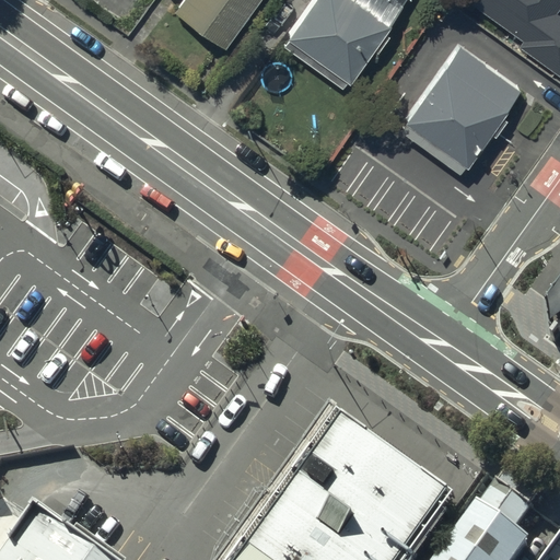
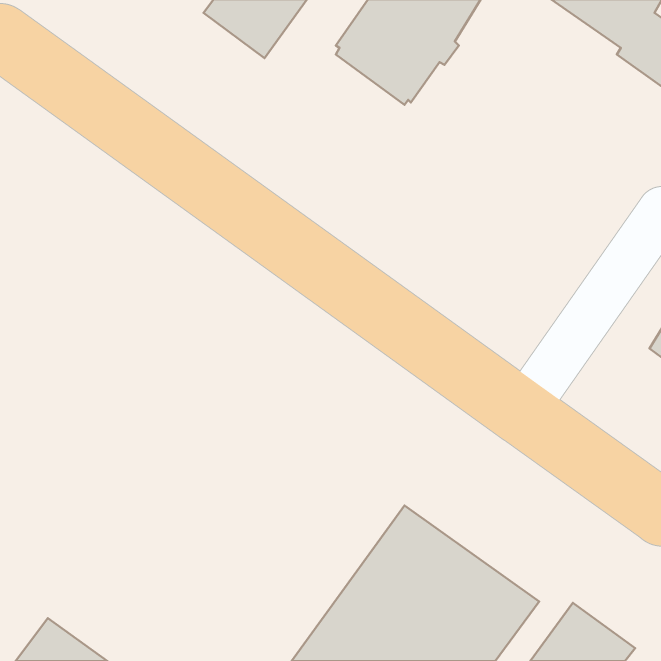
building: [400,44,524,174] -> none

